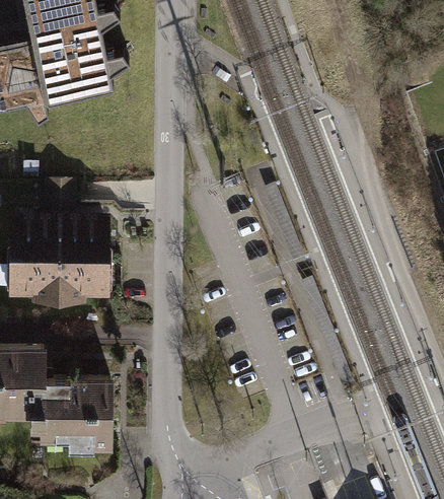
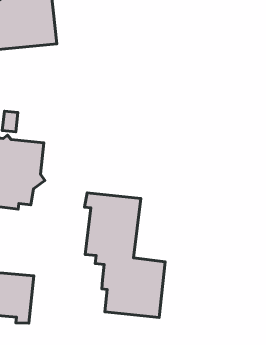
building: none -> [85,193,165,318]

